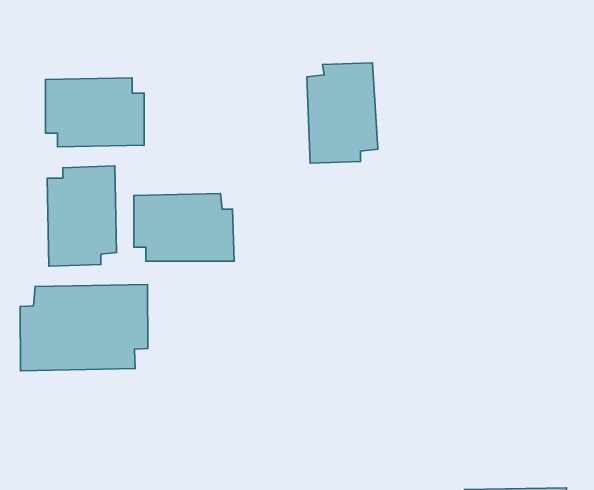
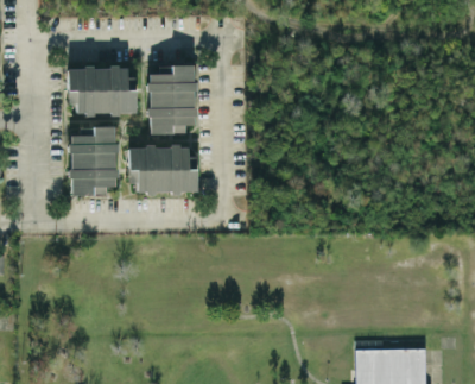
building: [307,63,378,163] -> [148,65,197,134]
building: [20,284,148,371] -> none

